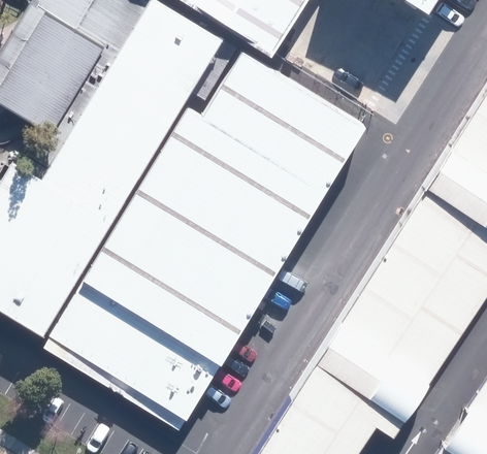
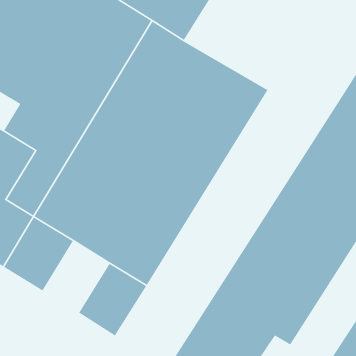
building: [94,309,175,396] -> none

